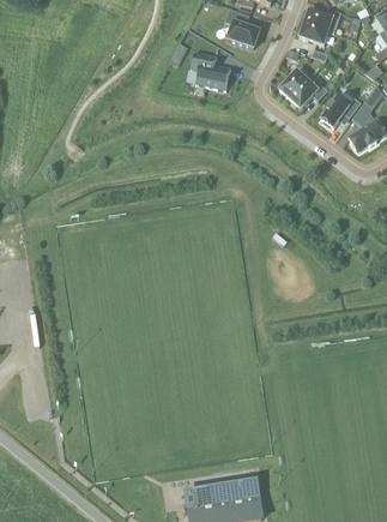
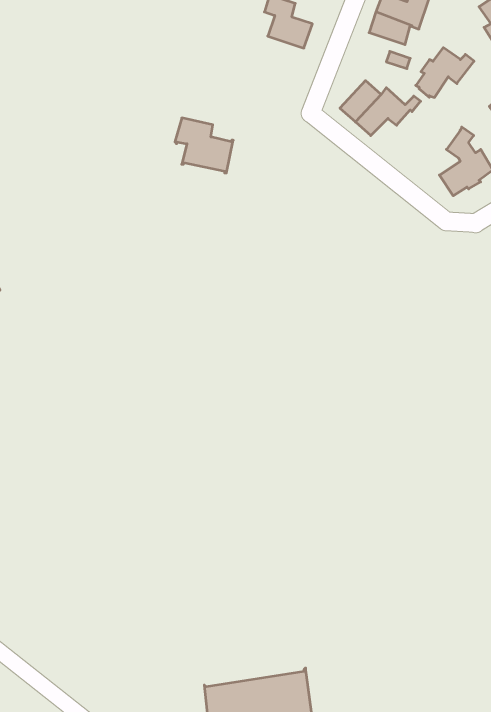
building: [191,52,231,90] -> [175,118,233,173]
building: [321,92,362,127] -> [416,48,474,97]

